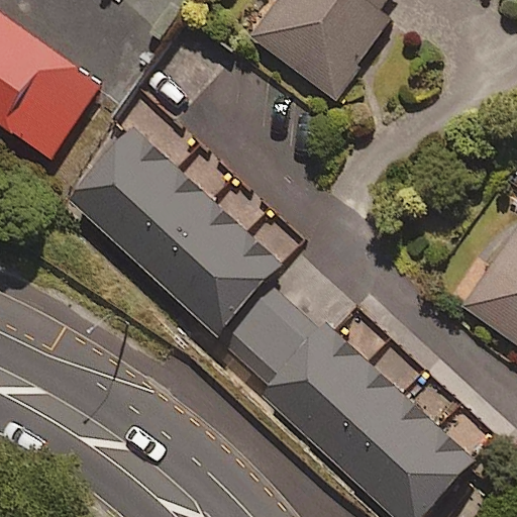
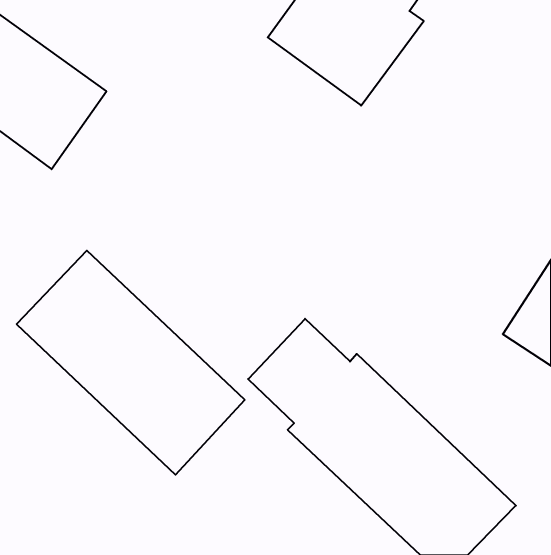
building: [73,132,283,338] -> [17,251,245,475]

